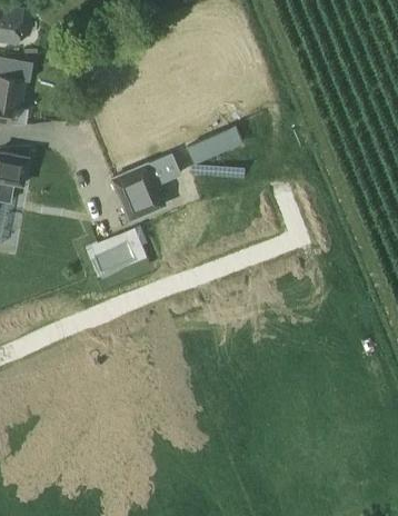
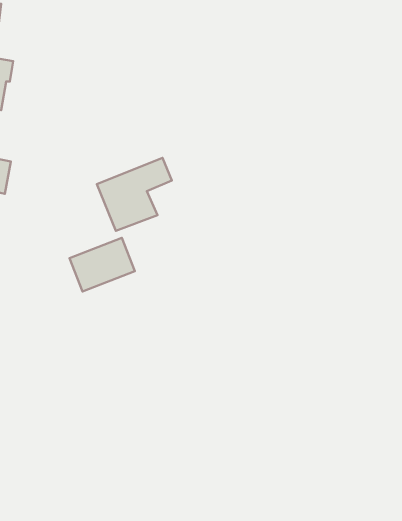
building: [187,126,243,165] -> none

